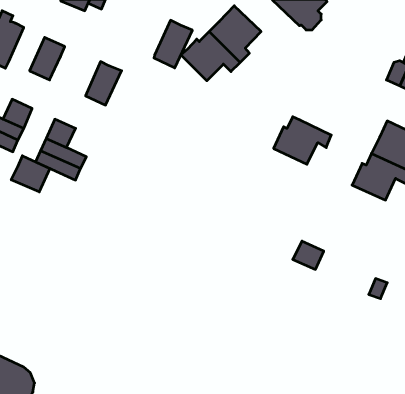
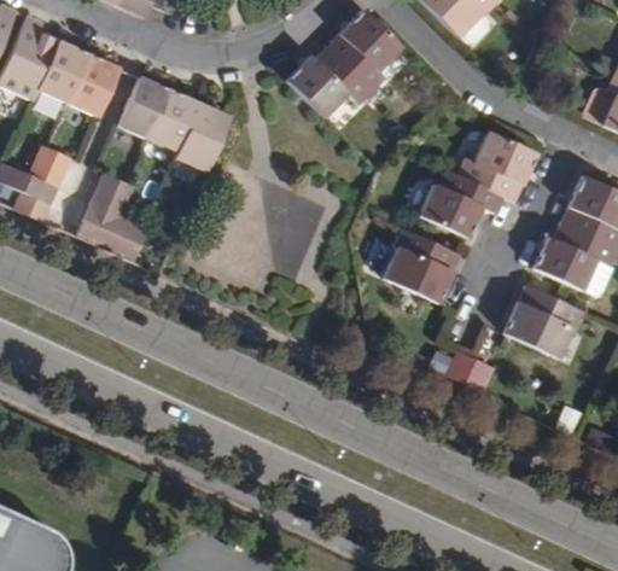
building: [154,20,192,68] -> [176,103,232,171]
building: none -> [37,40,89,103]
building: none -> [118,76,170,139]
building: none -> [459,130,536,200]
building: [11,156,50,192] -> none
building: none -> [385,227,461,303]
building: none -> [503,285,584,359]

